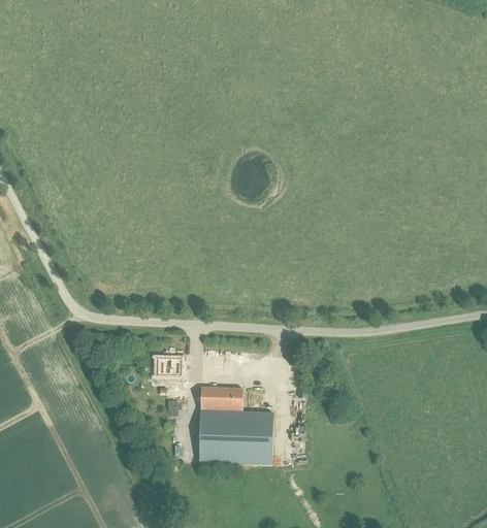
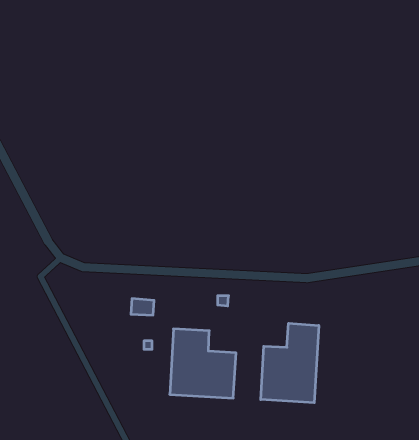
building: none -> [261,323,319,403]

